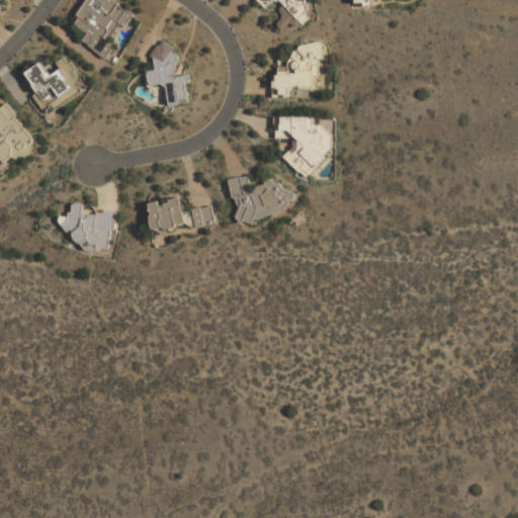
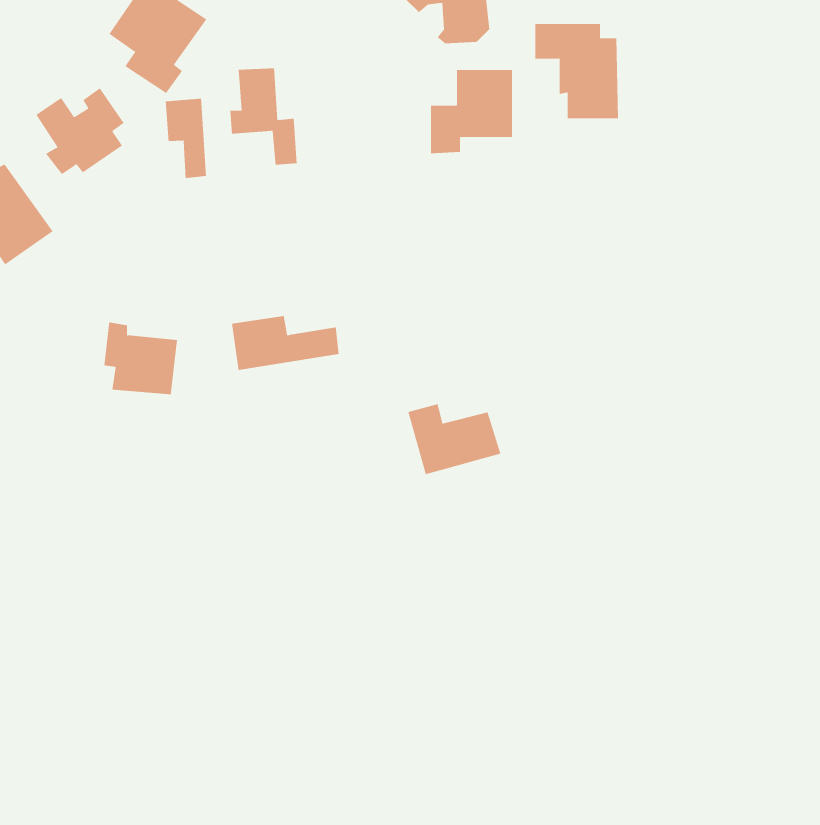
building: none -> [165,98,206,179]
building: [271,115,324,175] -> [535,23,619,119]
building: [226,174,284,219] -> [407,404,501,475]

